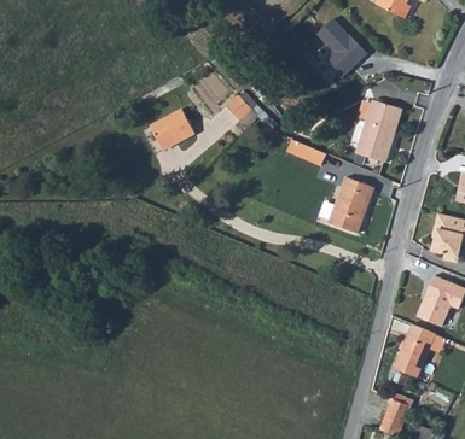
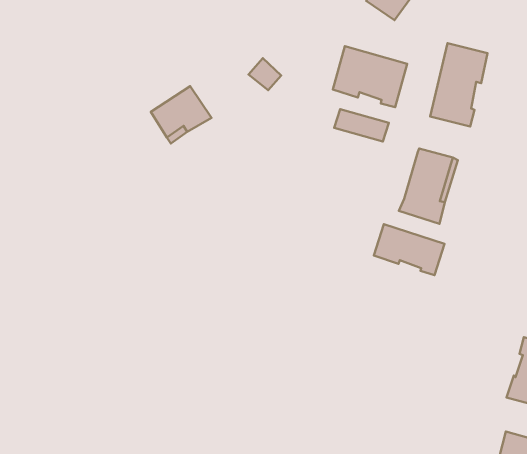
building: none -> [333,46,407,107]
building: none -> [374,224,444,275]

